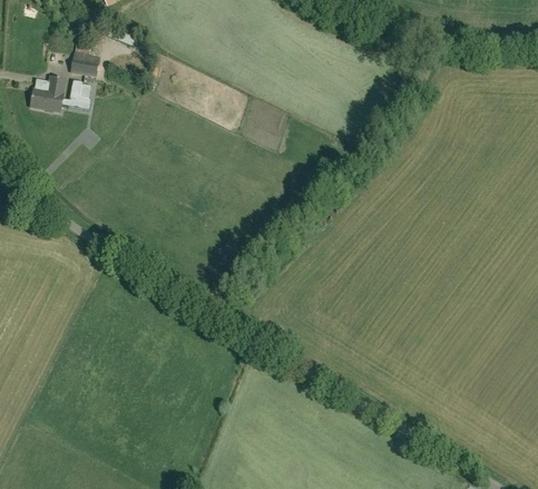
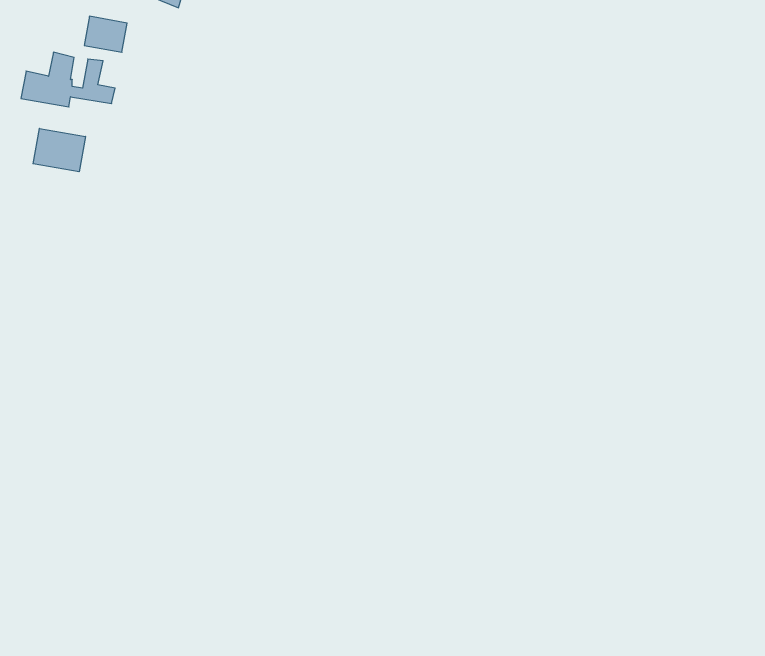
building: none -> [33,128,85,172]

